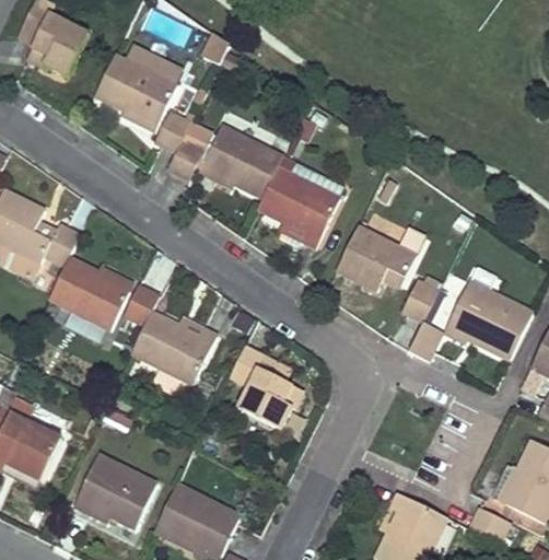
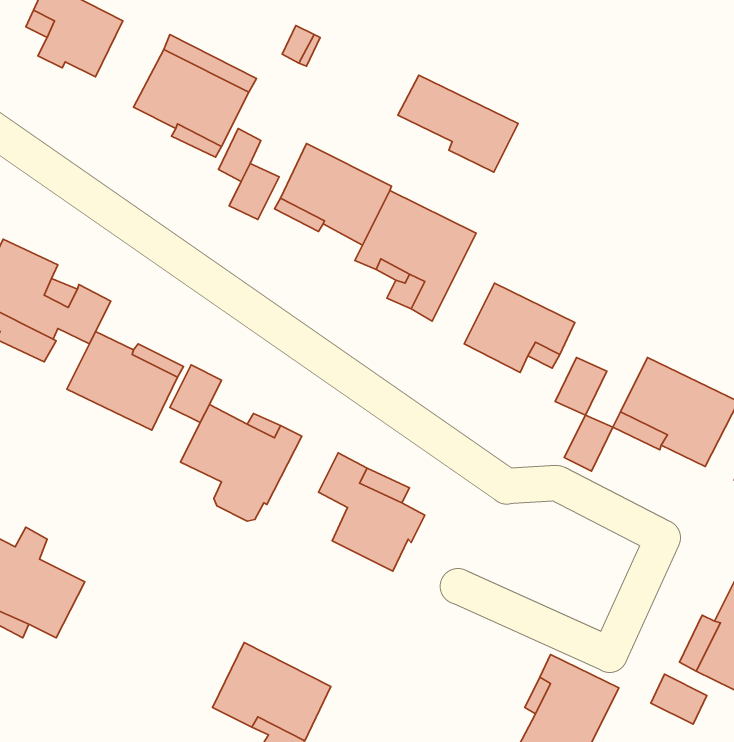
building: none -> [398,75,518,172]
building: [74,453,160,527] -> none

